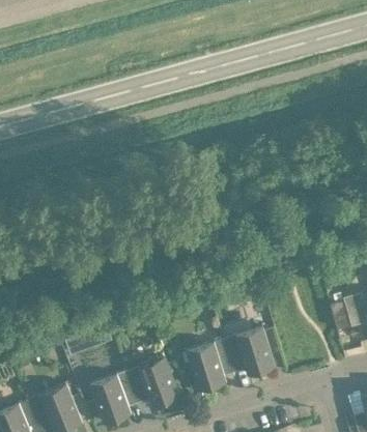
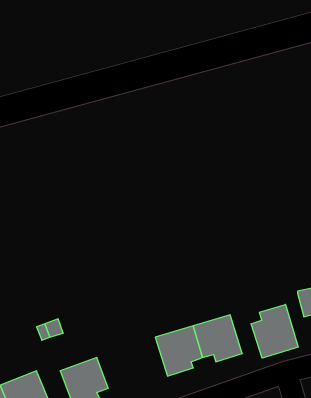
building: none -> [251,304,298,358]
building: [128,356,178,405] -> none

